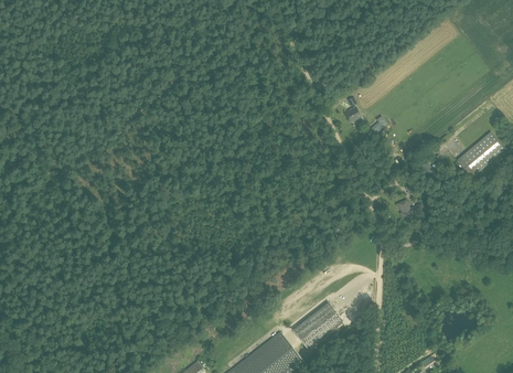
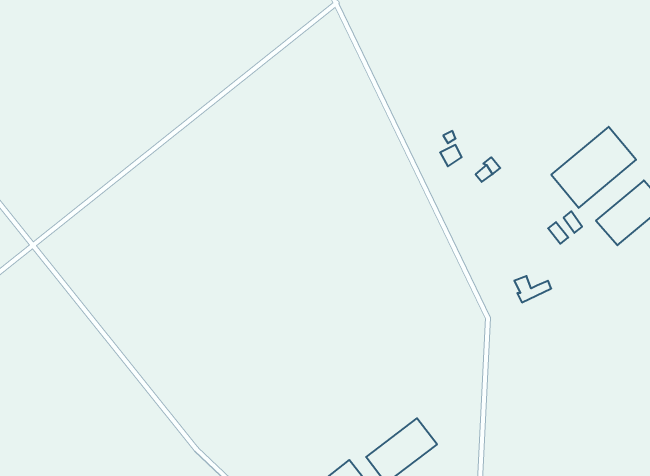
building: none -> [551,127,636,208]

